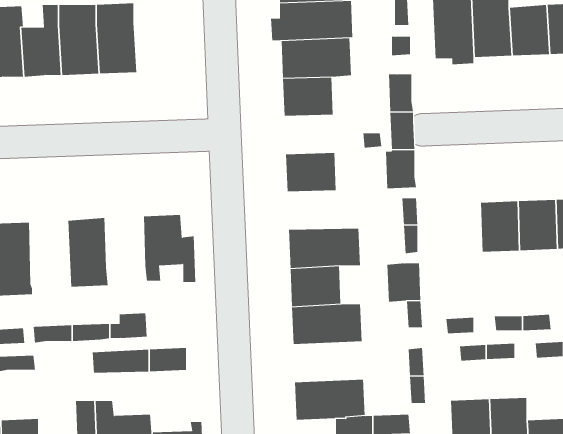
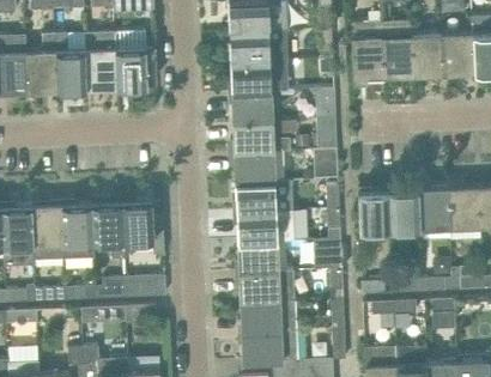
building: none -> [114,47,157,95]
building: none -> [232,121,290,152]
building: none -> [235,180,292,212]
building: none -> [357,190,389,249]
building: none -> [91,196,123,259]
building: none -> [31,205,63,259]
building: none -> [123,276,165,297]
building: none -> [240,300,296,333]

